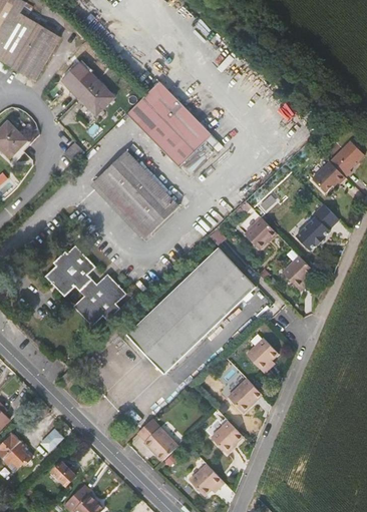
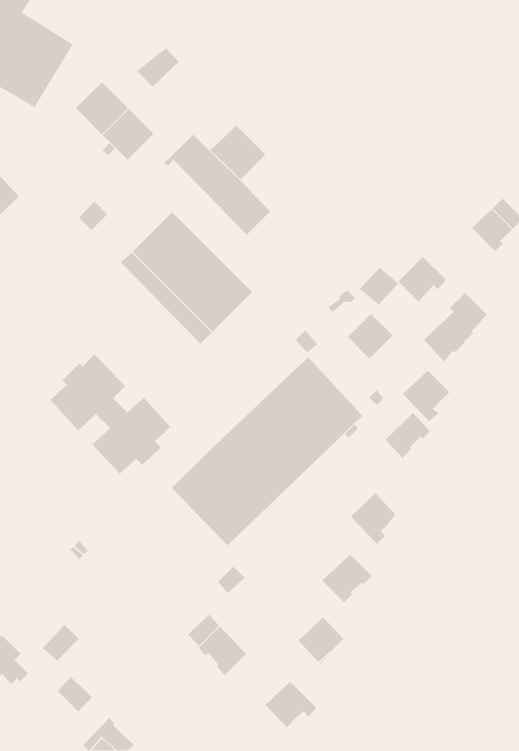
building: [140,81,169,108] -> [136,47,179,87]
building: [172,111,211,150] -> none
building: [310,160,343,191] -> [398,256,447,302]
building: none -> [385,412,431,459]

